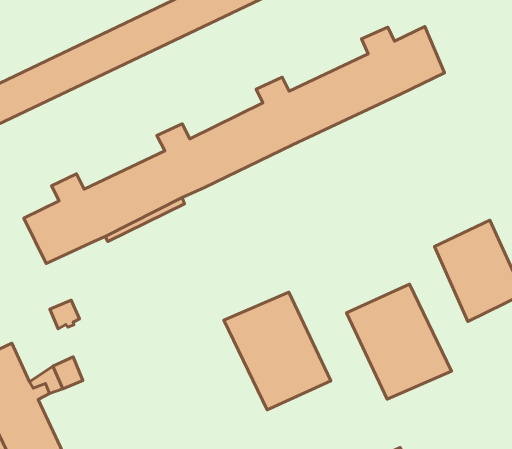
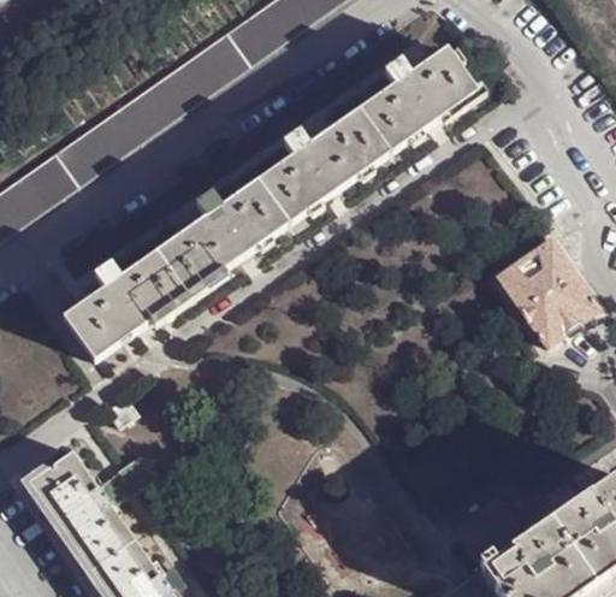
building: [346,284,452,399] -> none
building: [224,292,331,410] -> none

